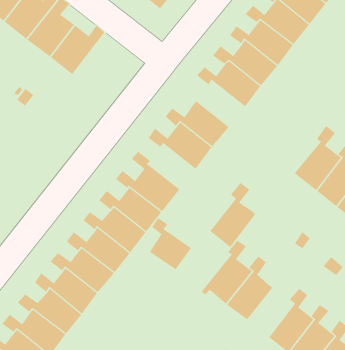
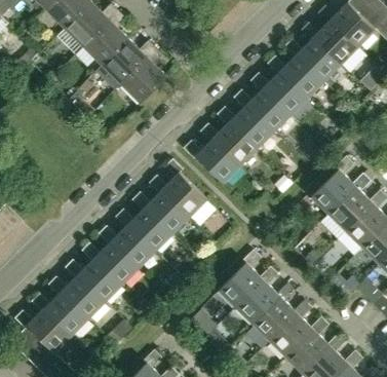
building: none -> [121,49,166,103]
building: none -> [216,104,274,148]
building: [209,182,256,248] -> [254,284,298,342]
building: [149,217,192,270] -> none

